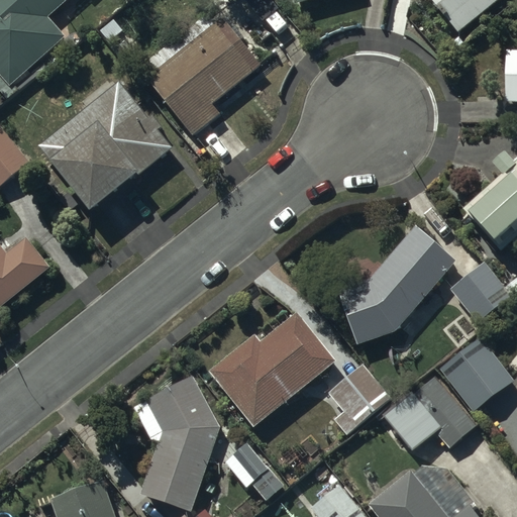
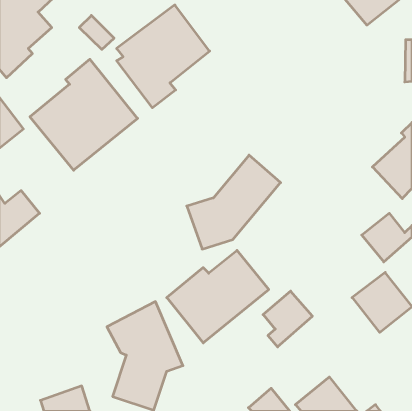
building: [337,226,454,343] -> [187,155,281,249]
building: [371,377,478,460] -> none
building: [225,442,284,500] -> none

